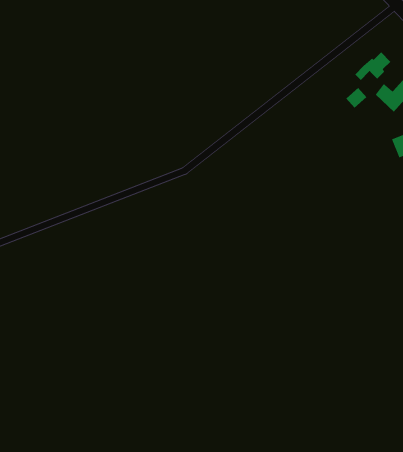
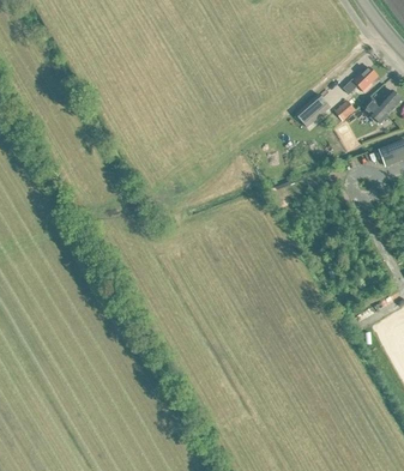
building: none -> [295,92,331,127]

